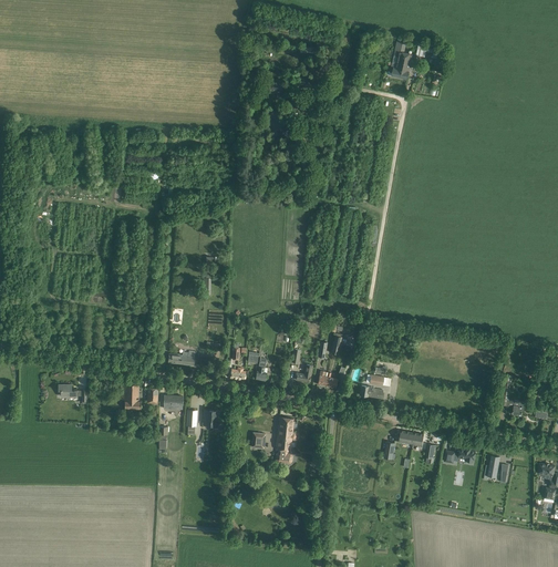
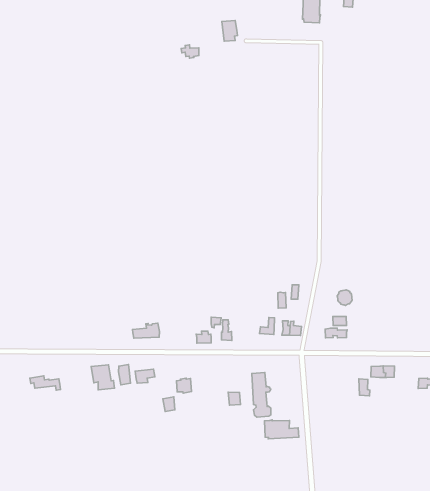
building: none -> [264,420,299,439]

